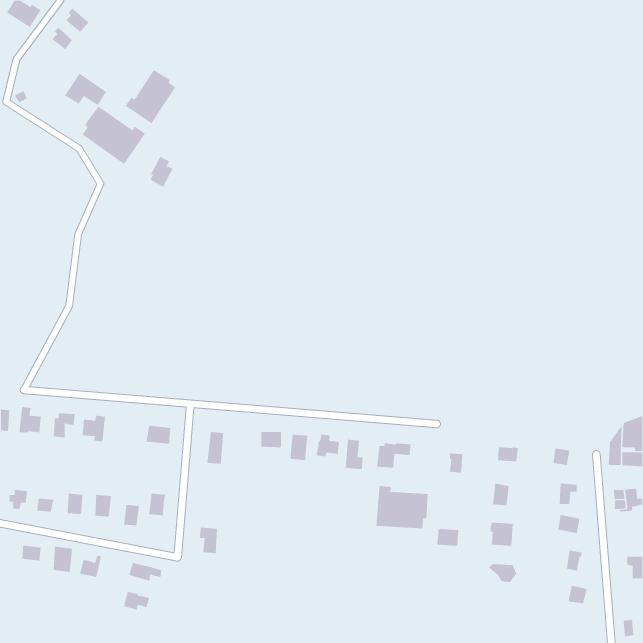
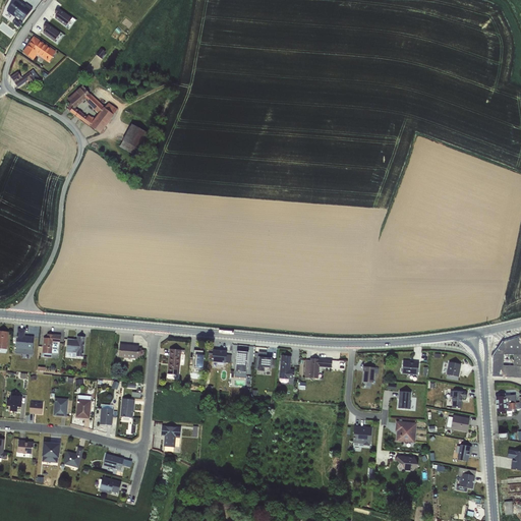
building: [125,69,176,124] -> none
building: [64,73,107,106] -> [21,35,56,61]
building: [376,485,428,529] -> none

